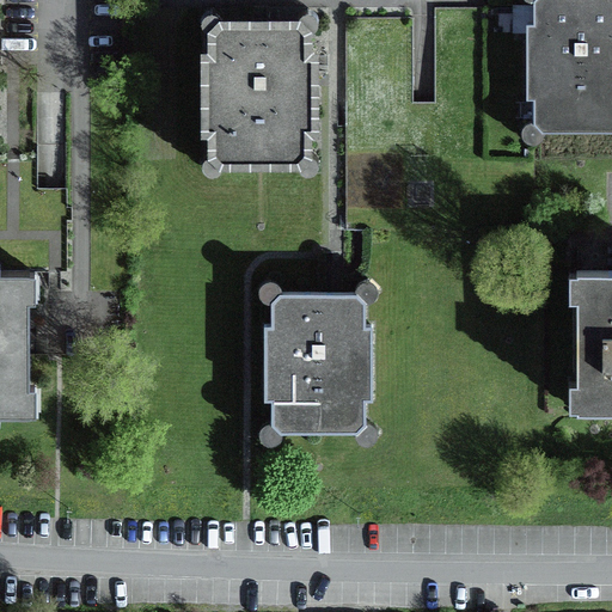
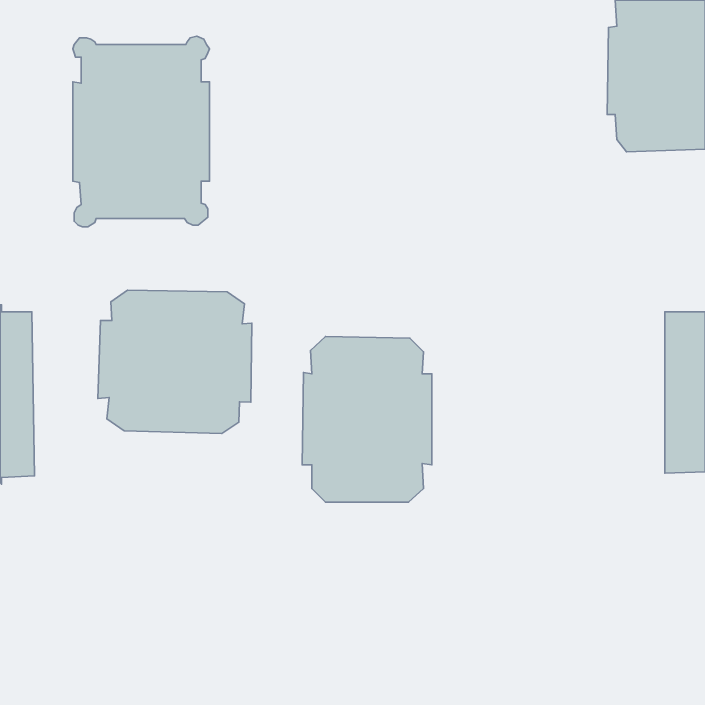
building: [201,12,319,177] -> [73,36,209,227]
building: none -> [98,290,252,433]

